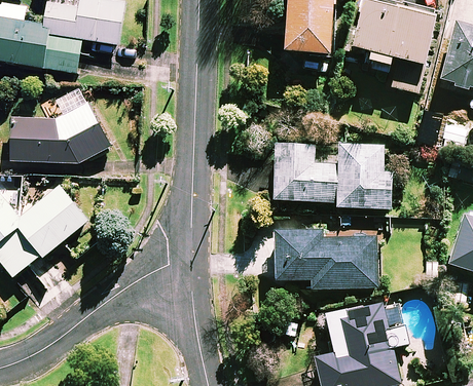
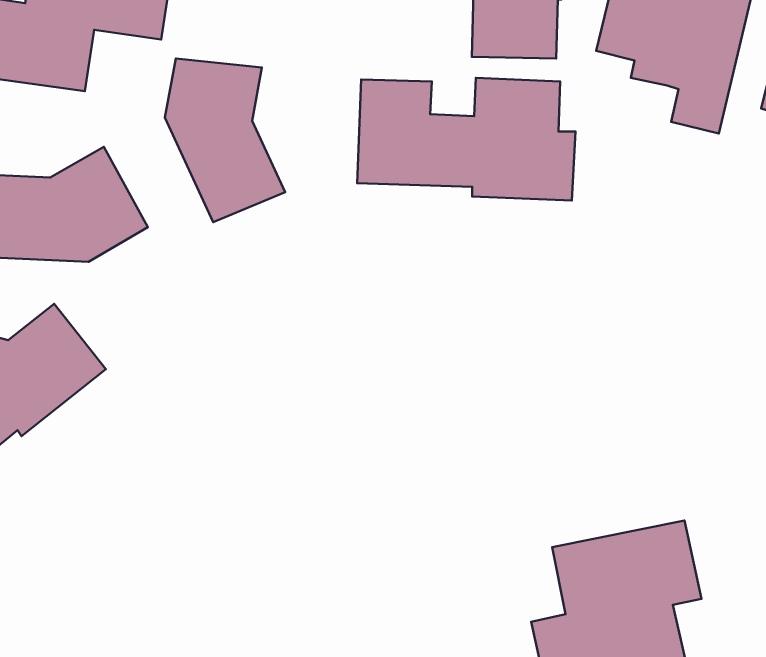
building: none -> [165,58,285,222]
building: [275,144,392,209] -> [357,78,576,200]
building: [276,219,377,290] -> none

